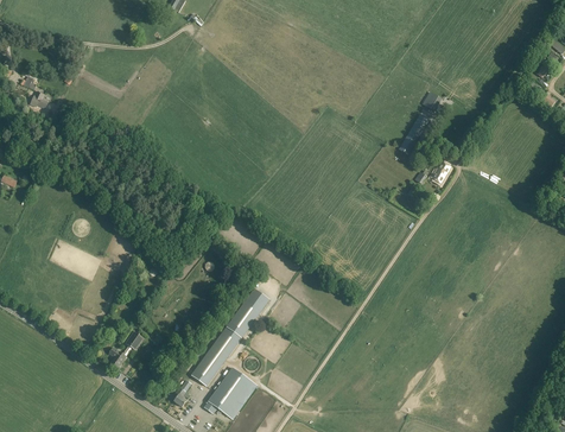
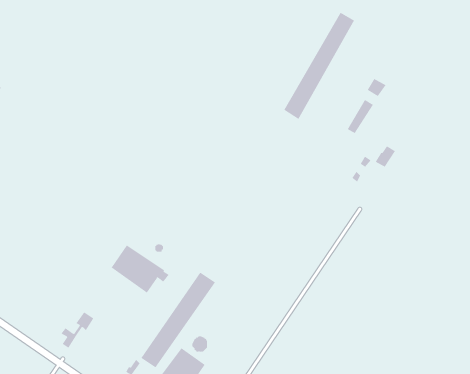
building: none -> [283,12,355,120]
building: none -> [111,245,170,293]

